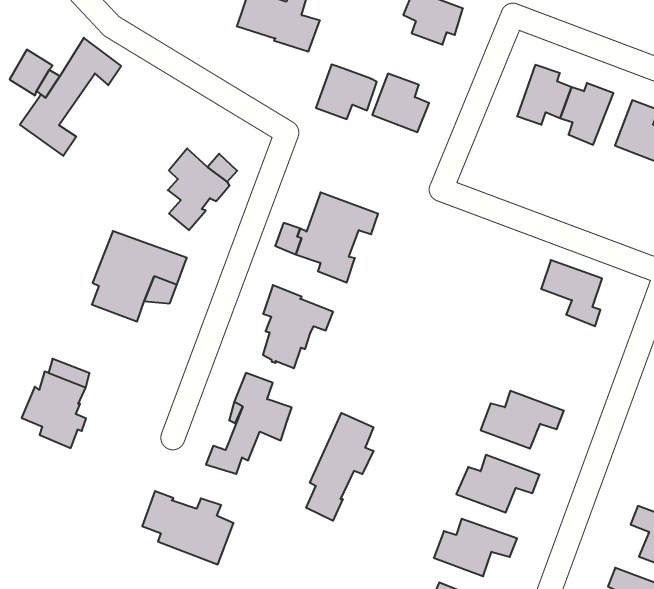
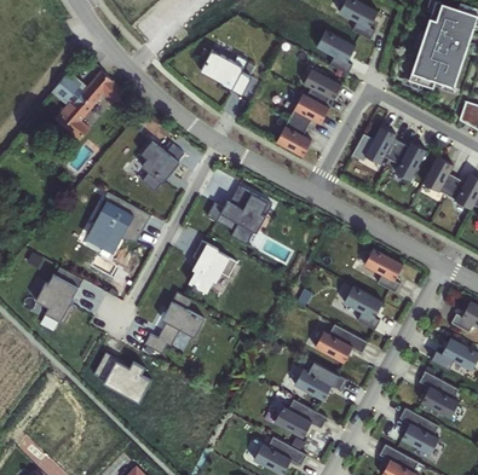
building: [316,65,377,119] -> [288,93,328,128]
building: none -> [344,285,382,330]
building: [306,413,374,521] -> none

